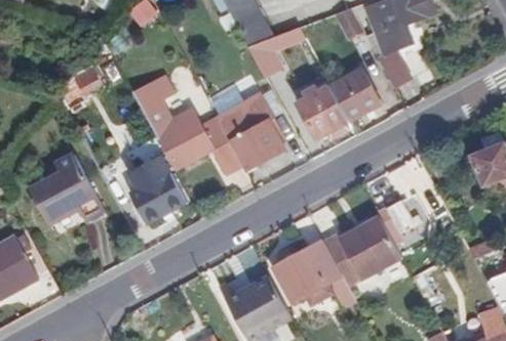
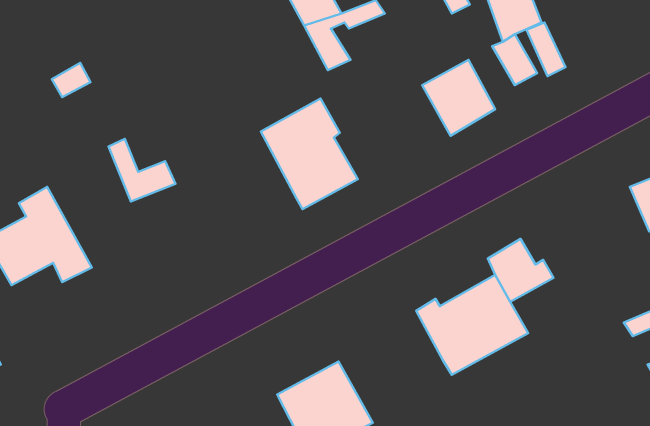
building: [130,74,242,173] -> none
building: [296,85,348,136] -> none
building: [126,158,183,223] -> none
building: [276,238,343,303] -> none

